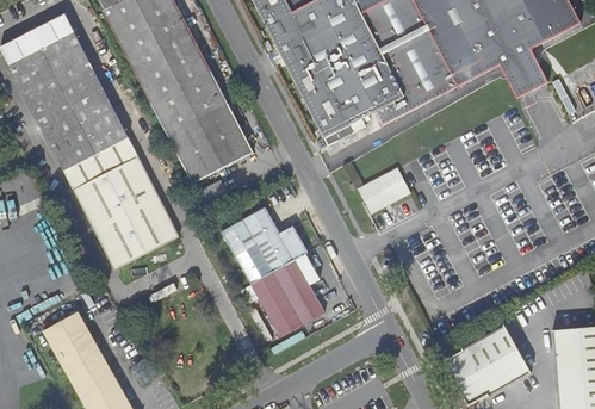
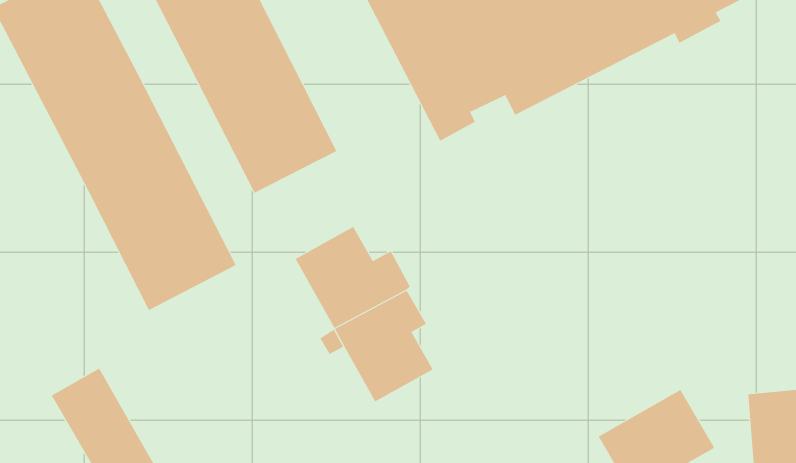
building: [503,56,548,99] -> none
building: [358,166,411,213] -> none

